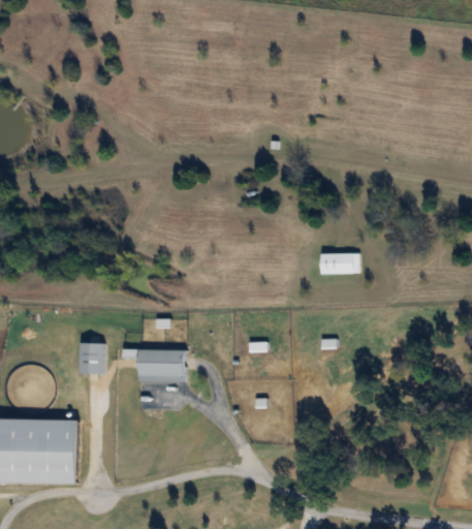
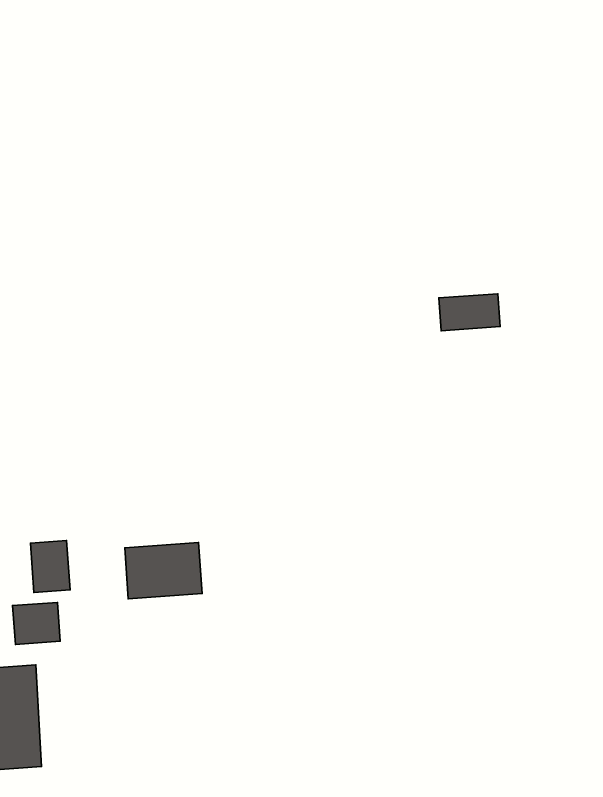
building: [319,253,356,274] -> [439,294,500,331]
building: none -> [13,602,60,644]

